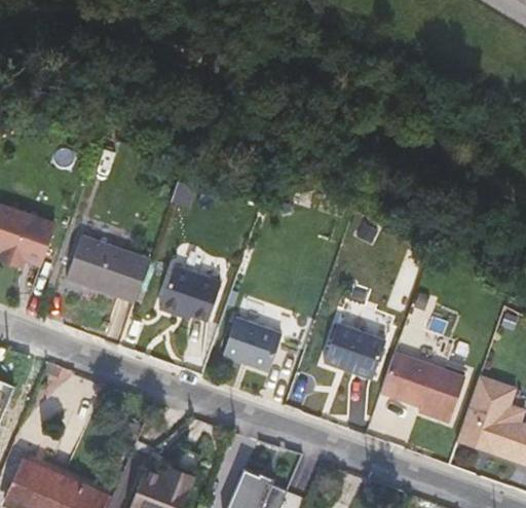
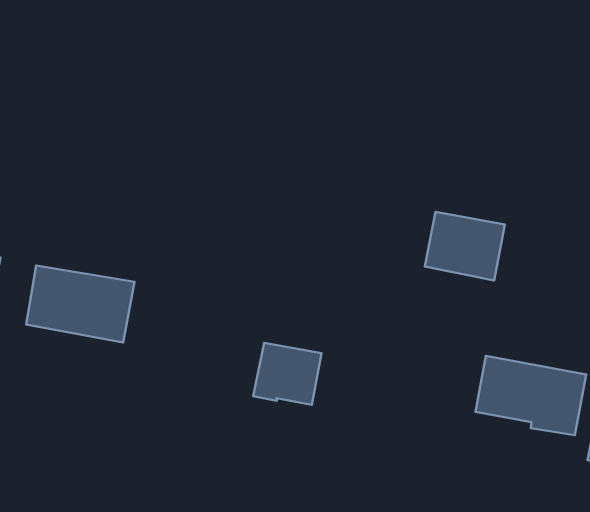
building: [160,262,223,318] -> none
building: [324,323,386,379] -> [425,212,505,281]

